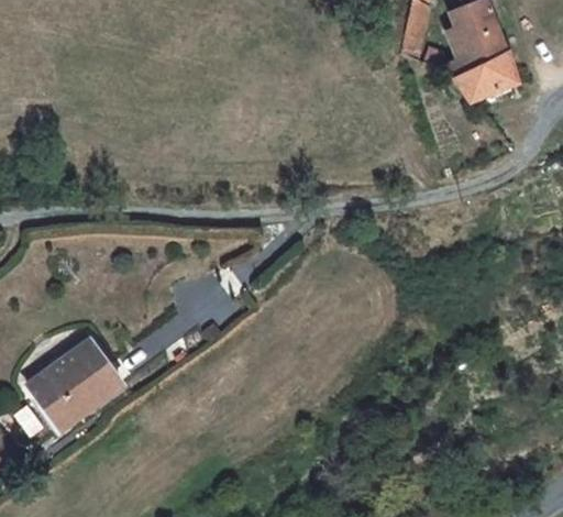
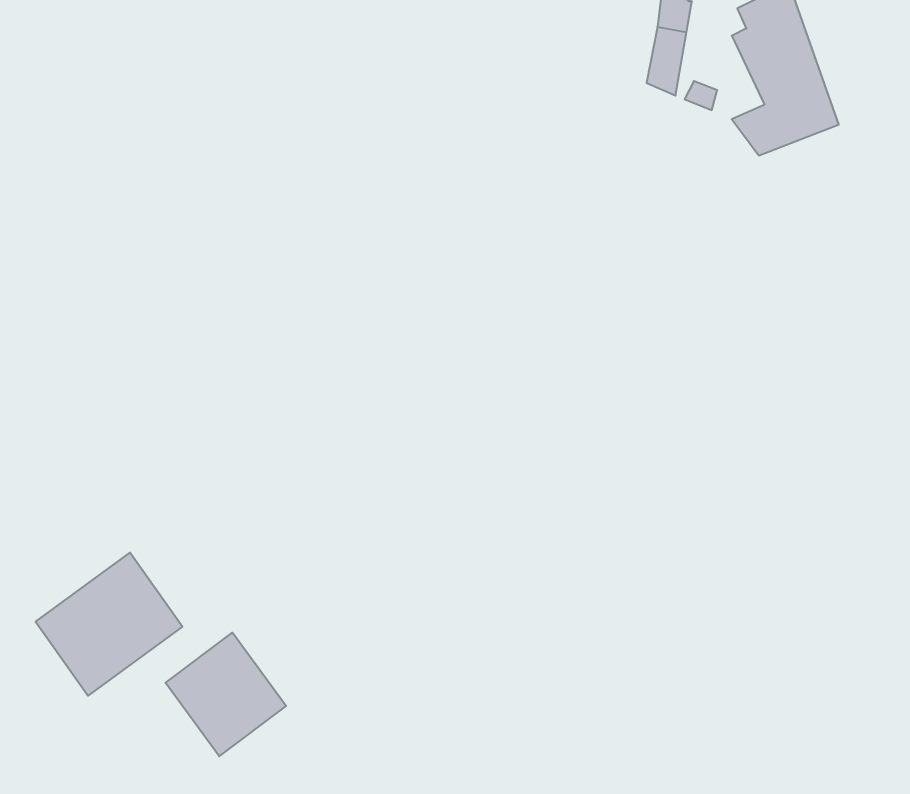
building: none -> [165,633,286,756]

